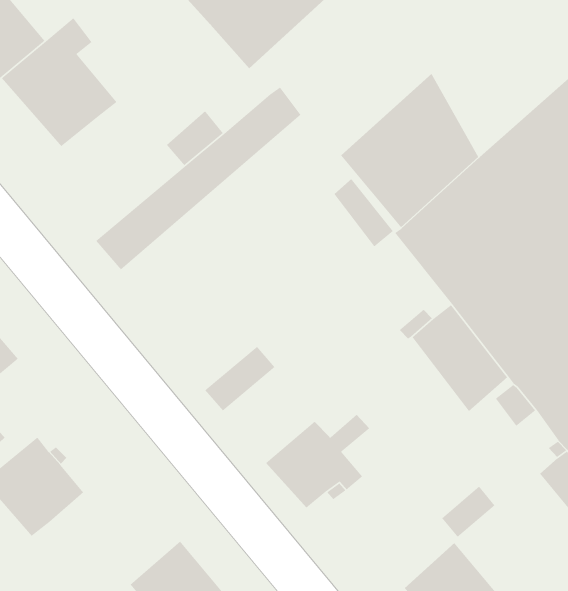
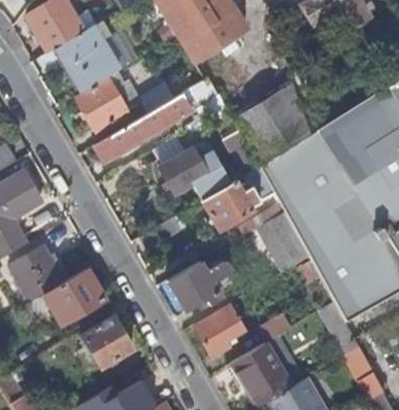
building: none -> [75,76,128,132]
building: none -> [159,146,211,193]
building: none -> [201,179,261,228]
building: none -> [43,269,105,324]
building: none -> [195,304,246,356]

